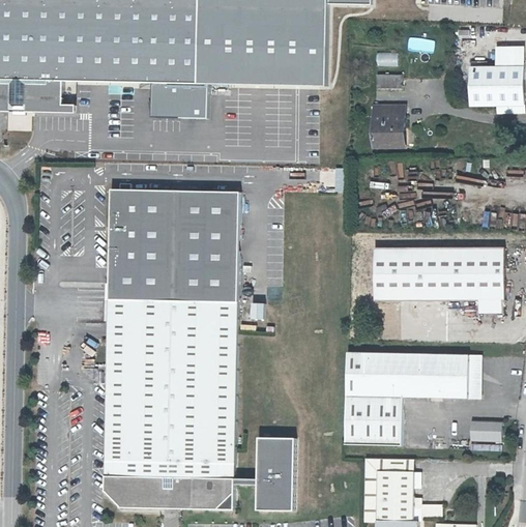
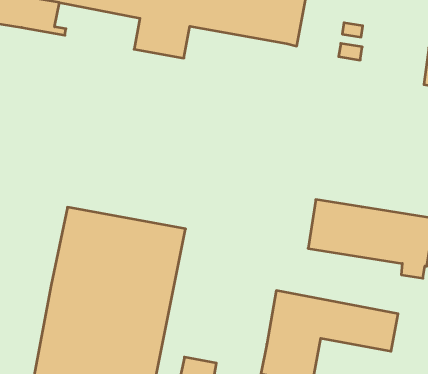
building: [371,104,404,148] -> none
building: [108,189,240,300] -> none

